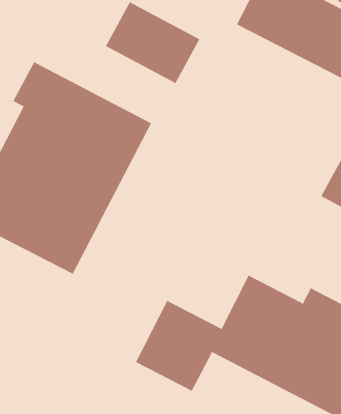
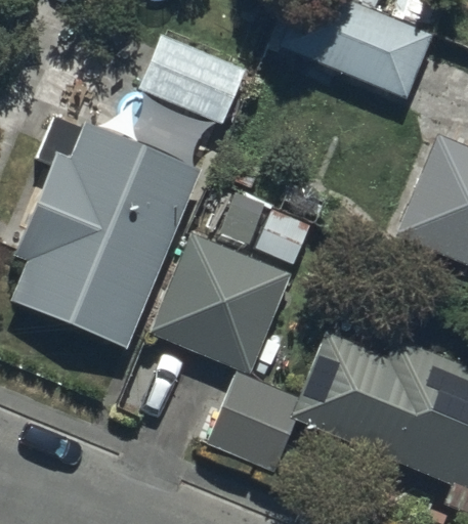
building: none -> [150,229,292,372]

